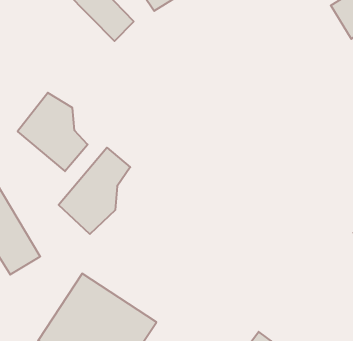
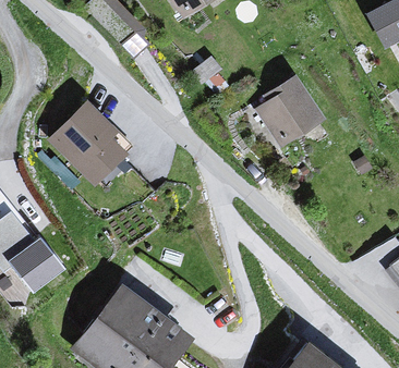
building: none -> [257,77,324,146]
building: [59,148,130,234] -> none

